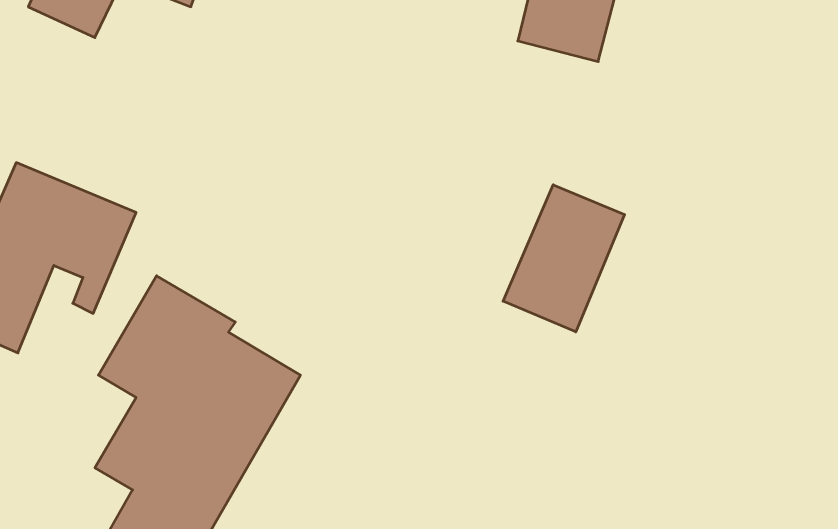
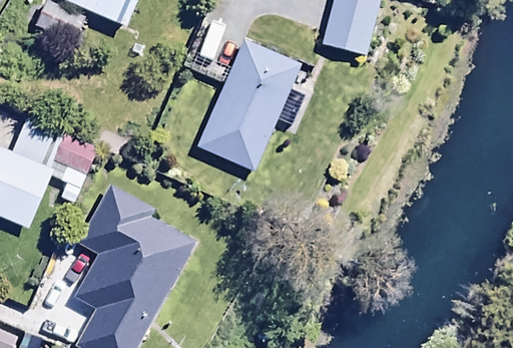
building: none -> [188,29,306,171]
building: [503,185,625,332] -> none

